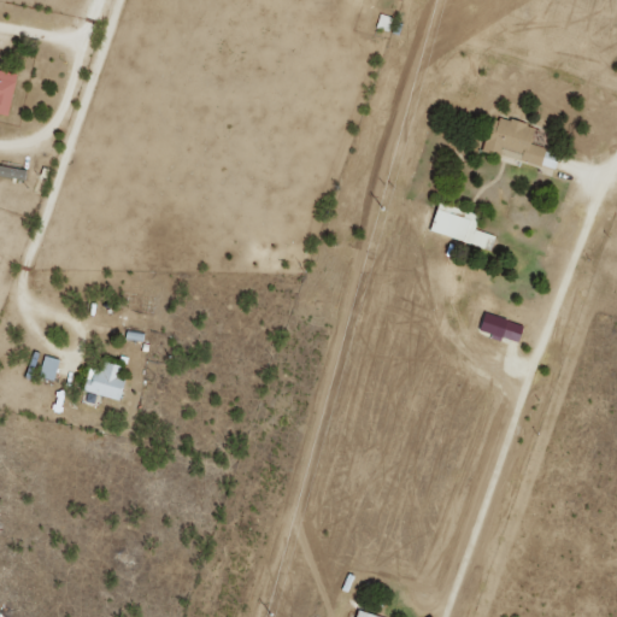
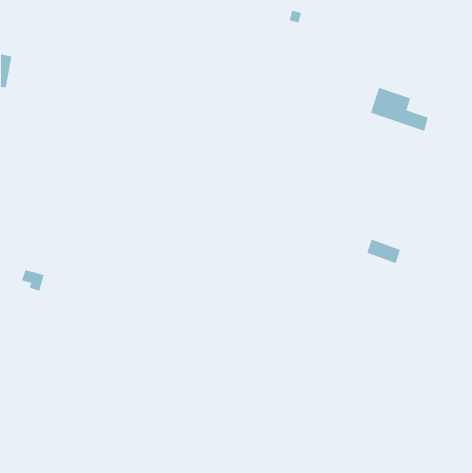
building: [429,210,492,248] -> none
building: [87,359,129,401] -> none

